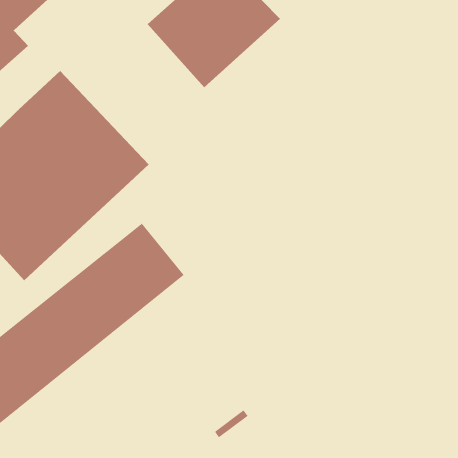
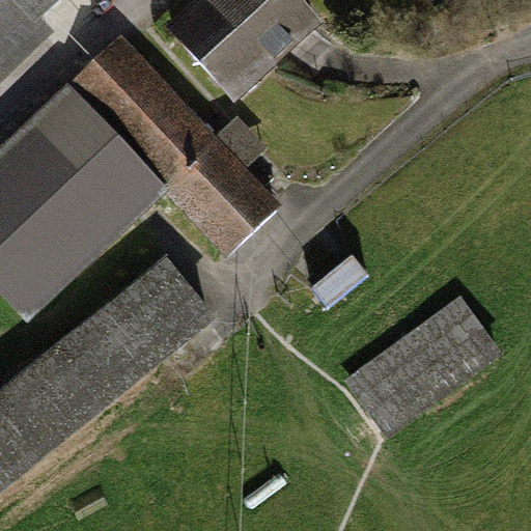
building: none -> [69,33,281,252]
building: none -> [333,313,467,430]

